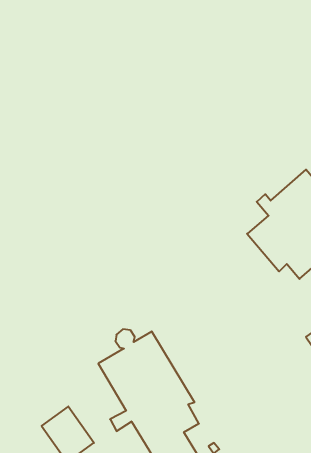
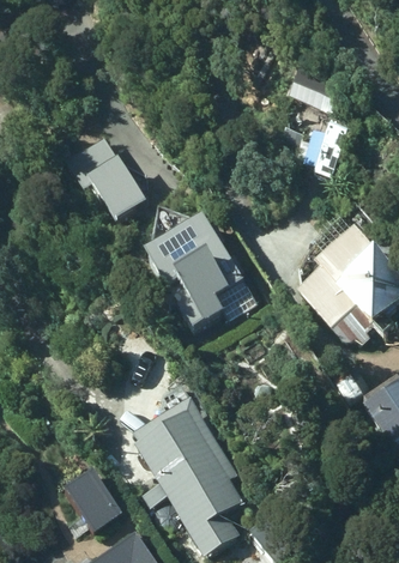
building: none -> [67,141,146,222]
building: none -> [143,214,249,328]

